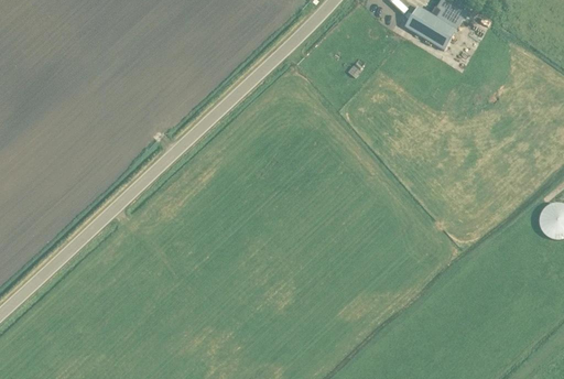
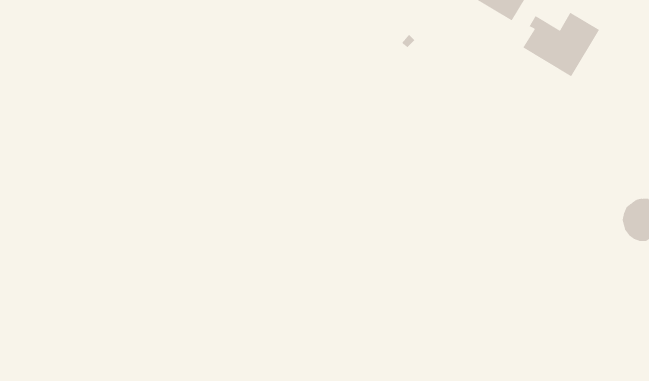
building: none -> [522,12,600,77]

